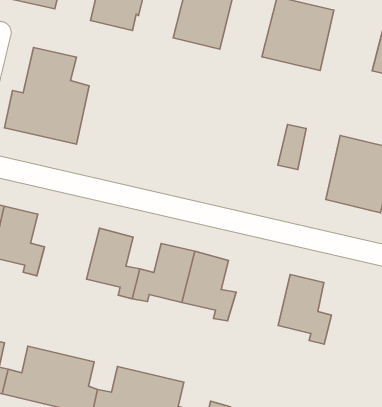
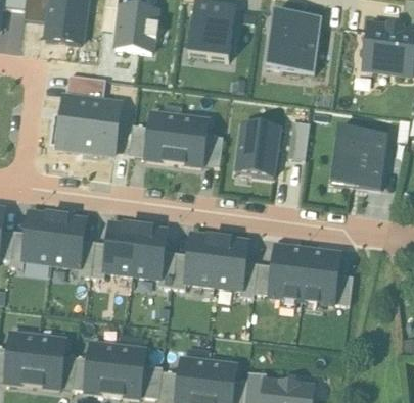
building: none -> [128,115,223,170]
building: none -> [234,125,280,179]
building: none -> [89,223,139,275]
building: none -> [257,248,307,299]

